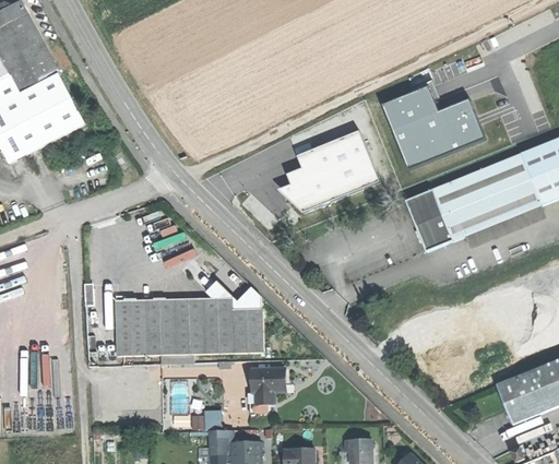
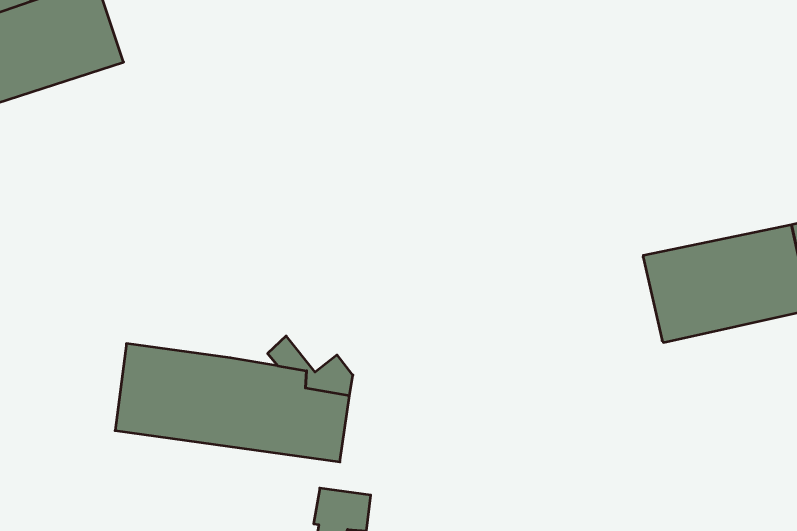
building: [382,80,485,168] -> none
building: [284,130,379,212] -> none
building: [406,190,451,250] -> none

